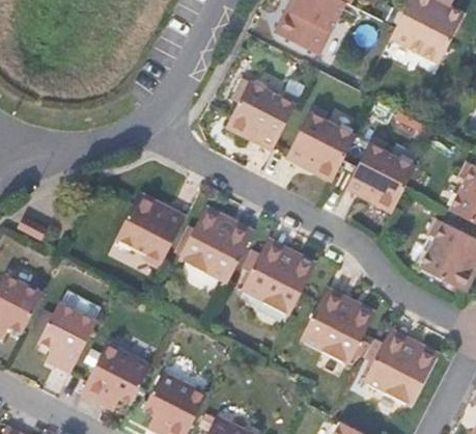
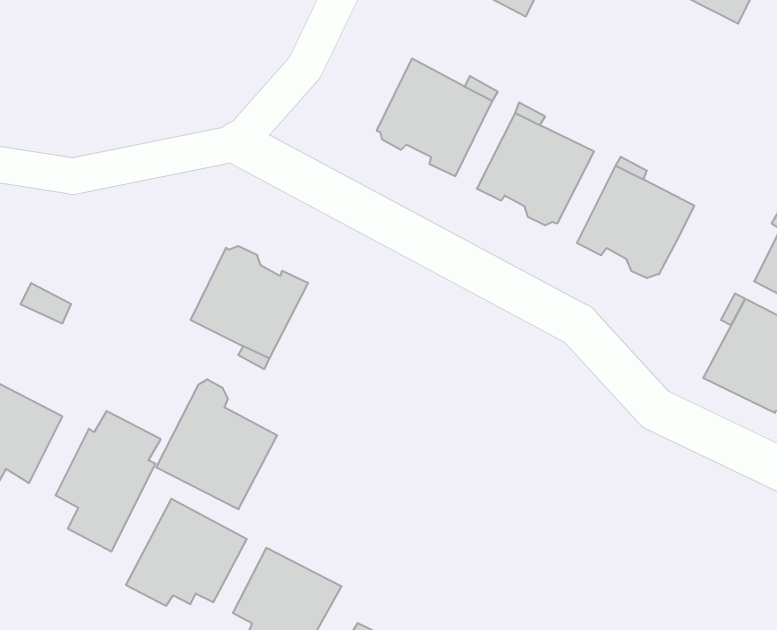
building: [178,206,250,282] -> [156,379,277,509]
building: [242,246,314,315] -> none
building: [297,300,370,370] -> none
building: [364,337,437,406] -> none

